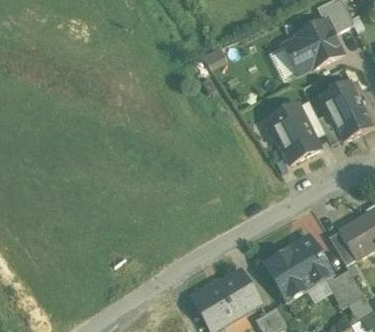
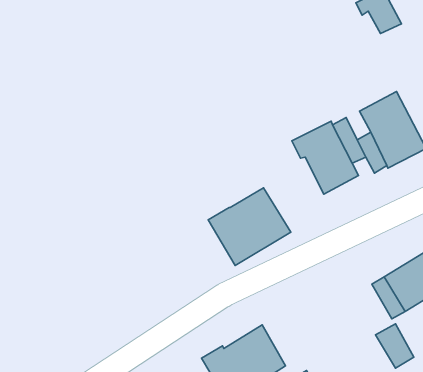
building: [284,20,341,73] -> none
building: [265,237,332,300] -> [208,188,291,266]

